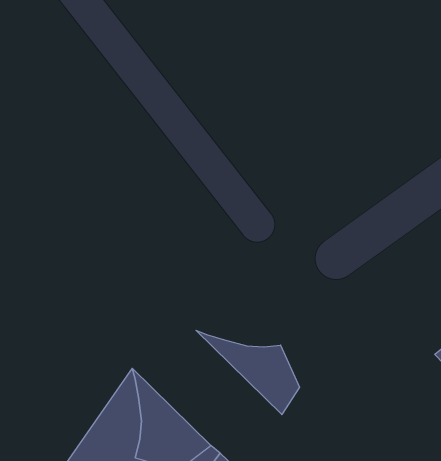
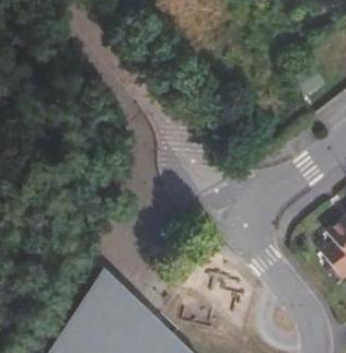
building: [196,330,299,415] -> none

